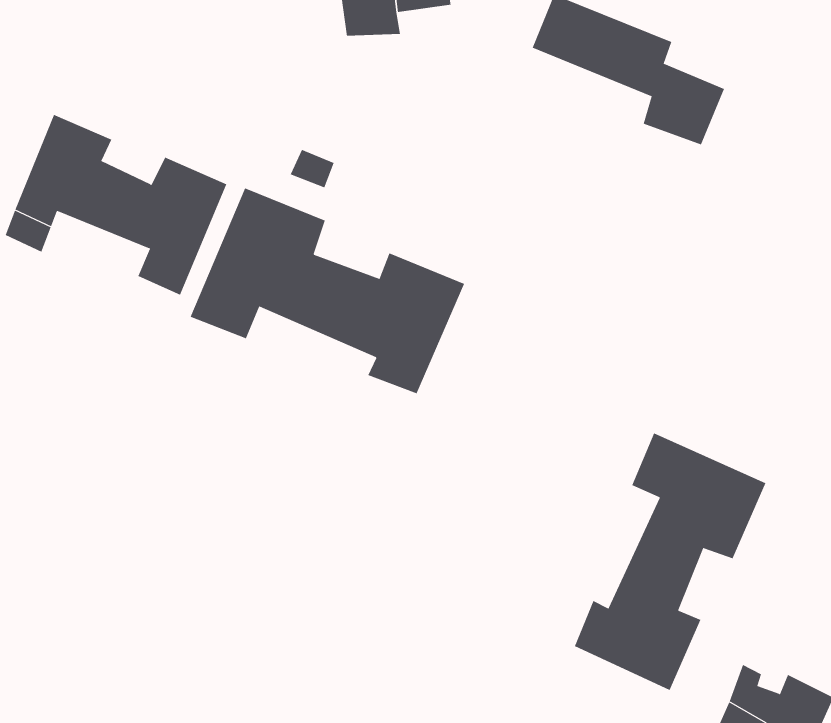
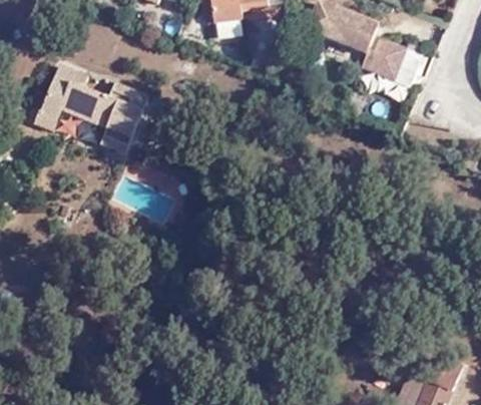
building: [190,187,465,394] -> none
building: [574,432,766,691] -> none

